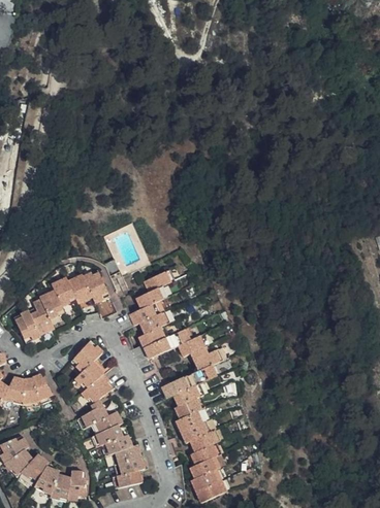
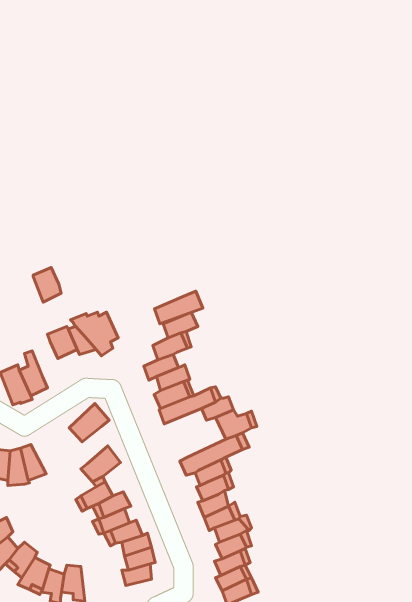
building: none -> [155,291,203,324]
building: [42,293,65,320] -> [33,267,61,302]
building: [76,361,106,391] -> none

